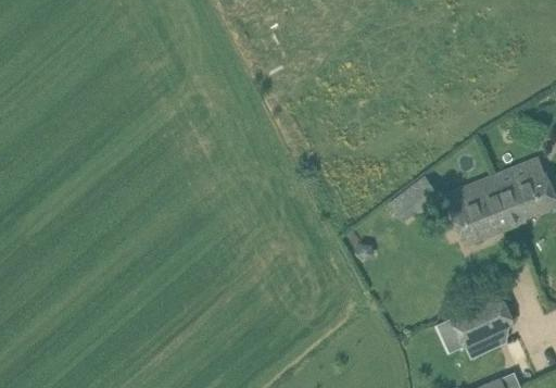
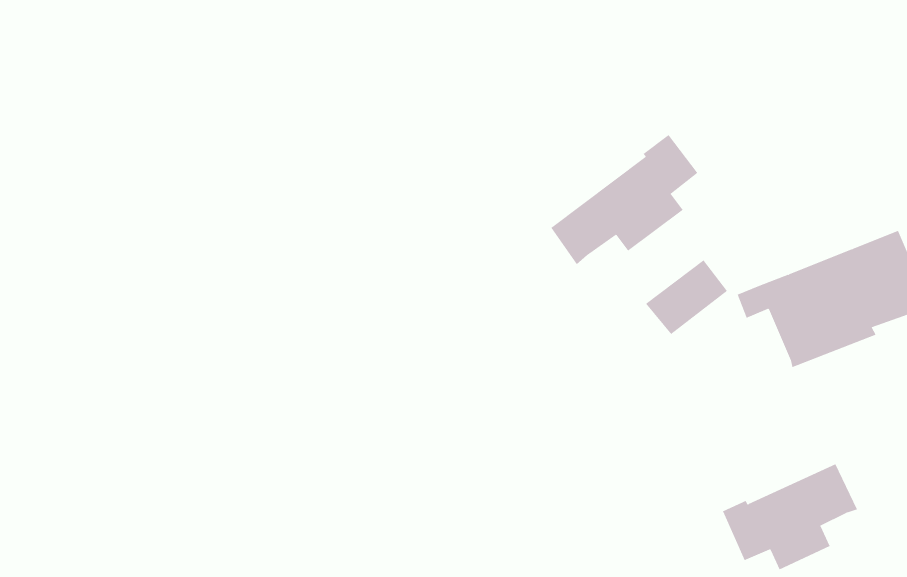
building: none -> [550,134,698,265]

